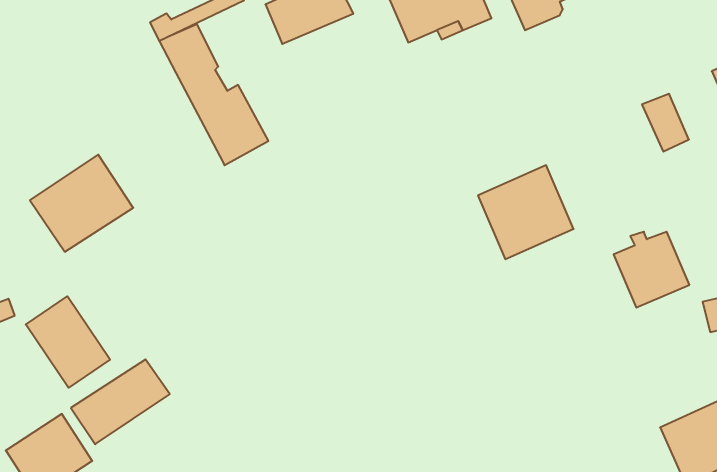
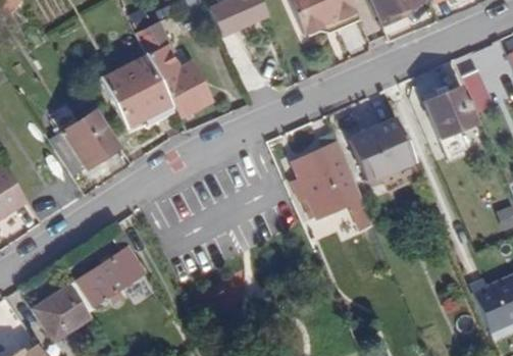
building: none -> [102,55,177,128]
building: none -> [294,142,367,217]
building: [614,232,689,308] -> [425,87,476,138]
building: [26,296,110,388] -> none

